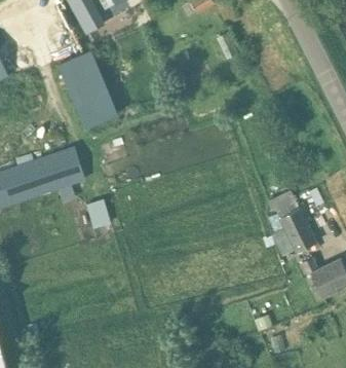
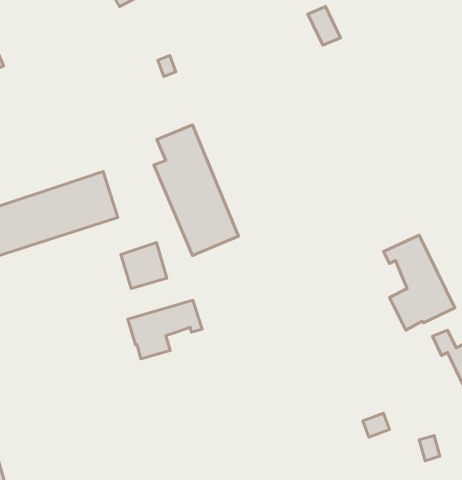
building: [57,37,116,127] -> [154,125,238,255]
building: none -> [128,300,202,359]

